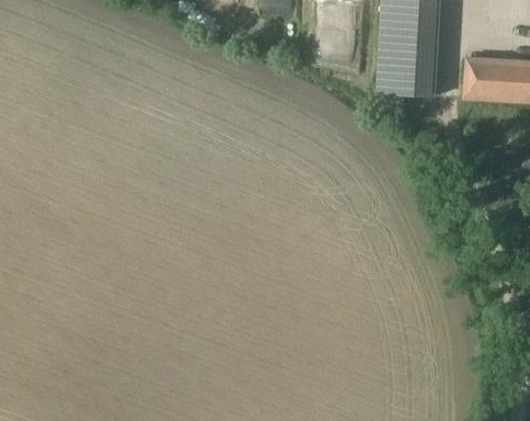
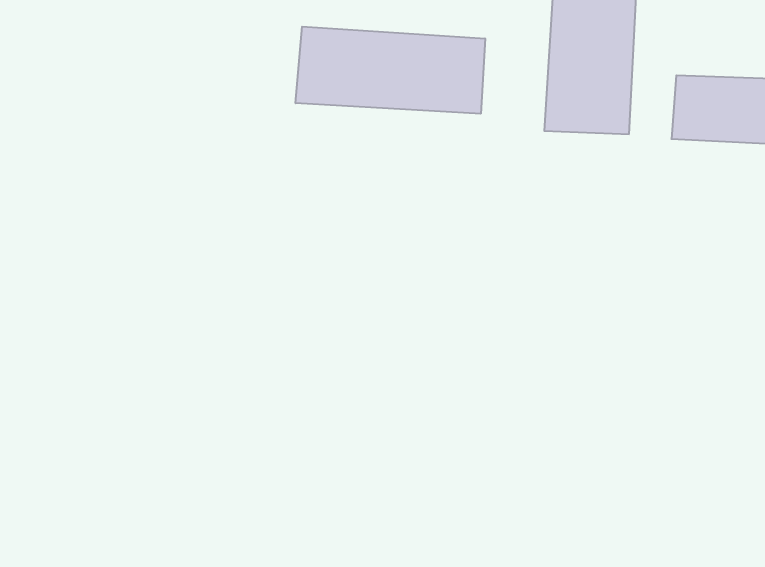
building: none -> [296,27,485,114]

